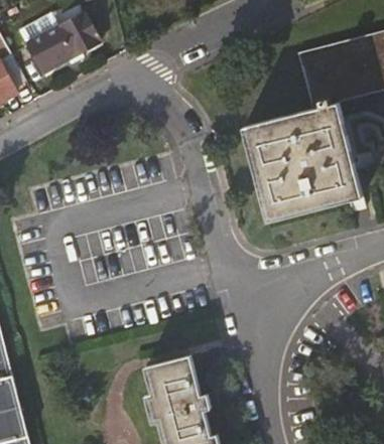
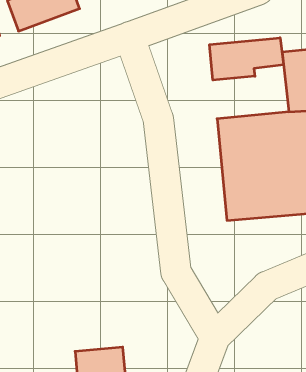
building: none -> [210,38,283,80]

